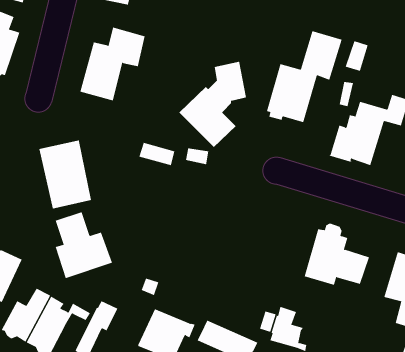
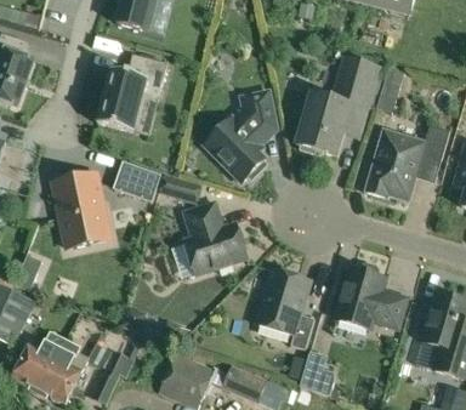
building: none -> [115,160,163,201]
building: [55,211,113,279] -> [184,201,246,273]
building: none -> [255,267,314,348]

